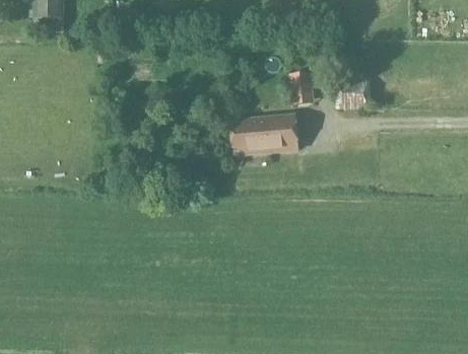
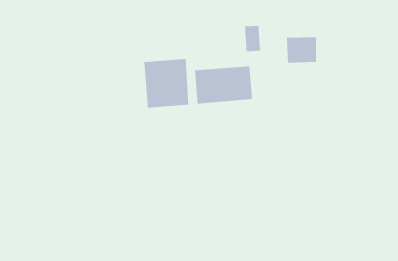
building: none -> [144,58,189,108]

